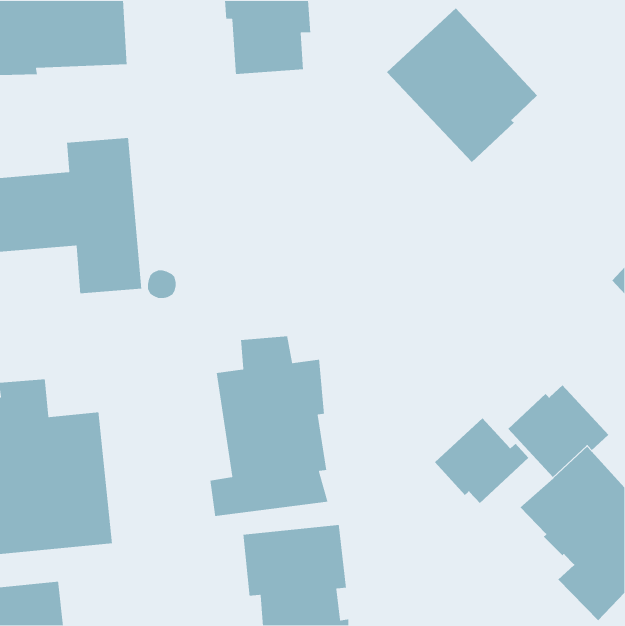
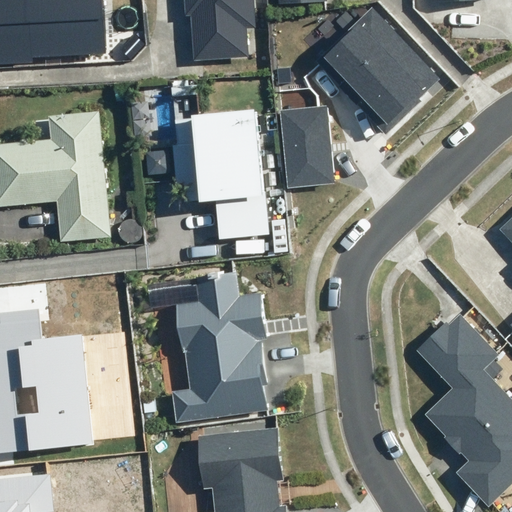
building: none -> [173,104,270,254]
building: none -> [279,105,333,187]
building: [434,417,529,504] -> none

